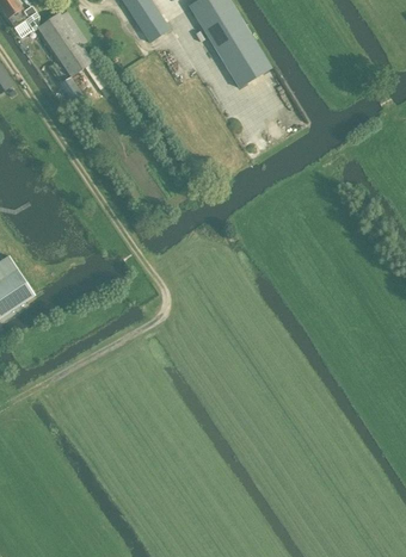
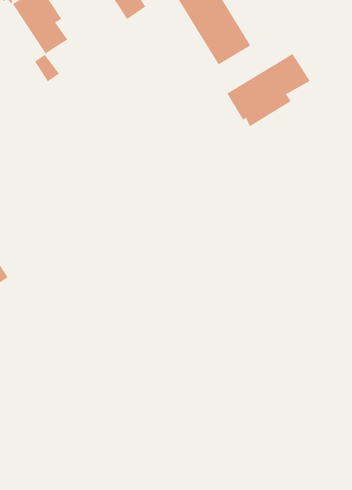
building: none -> [227,53,310,127]

